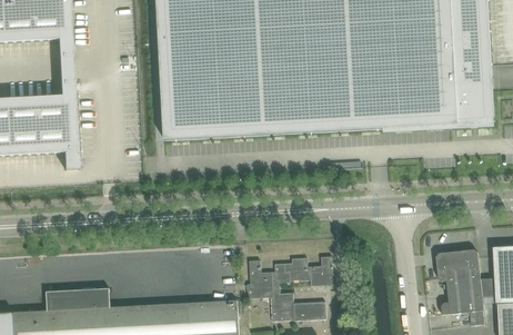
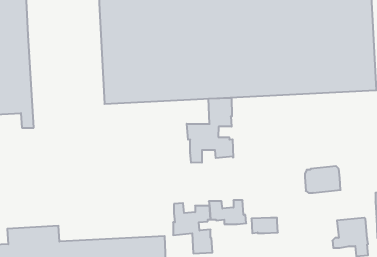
building: none -> [187,98,233,163]
building: [436,248,480,280] -> [305,166,341,193]
building: [294,300,326,319] -> [251,218,278,233]

